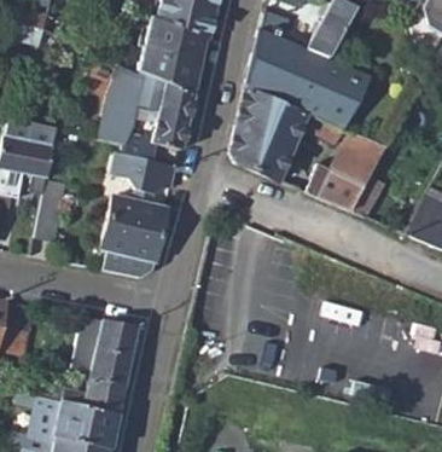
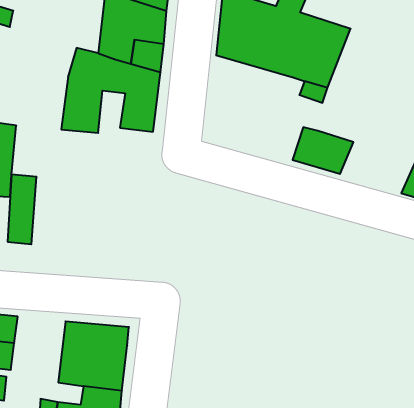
building: [232,86,316,179] -> none
building: [333,132,385,181] -> none
building: [101,152,176,277] -> none

